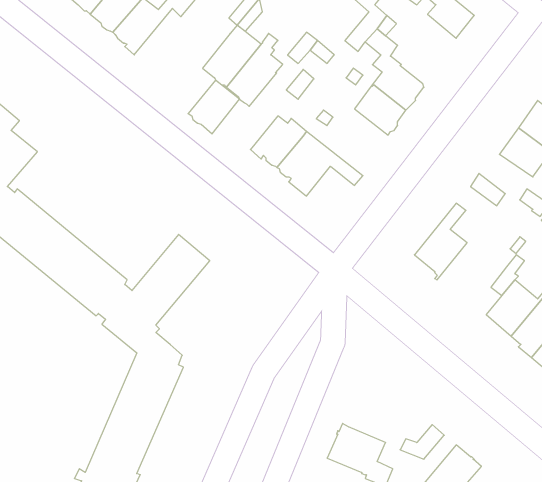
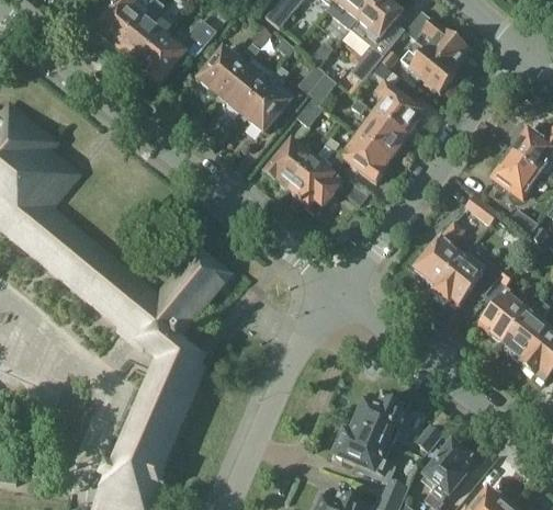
building: none -> [402,47,458,92]
building: [188,80,240,134] -> [199,47,246,97]
building: none -> [342,134,391,182]
building: none -> [436,257,484,305]
building: none -> [354,393,413,440]

